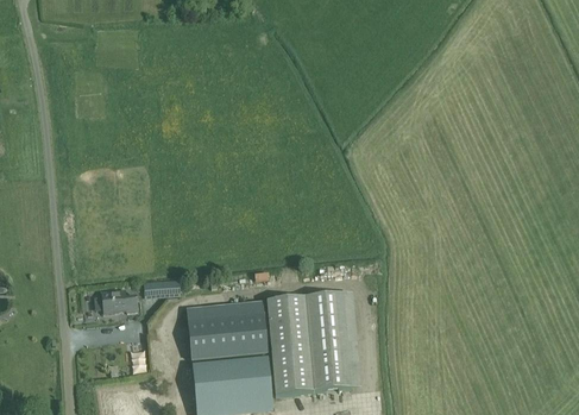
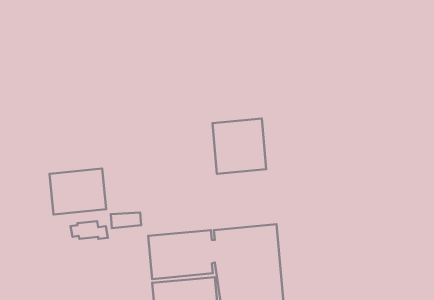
building: none -> [212,119,266,174]
building: none -> [50,168,106,215]

